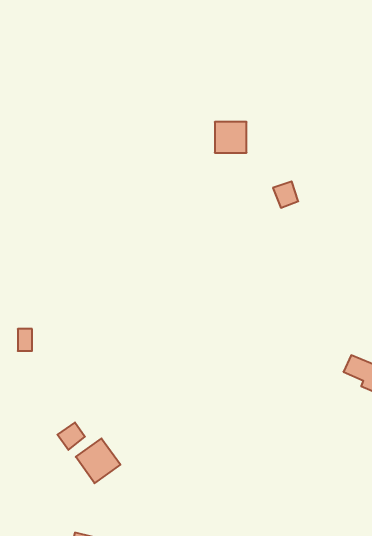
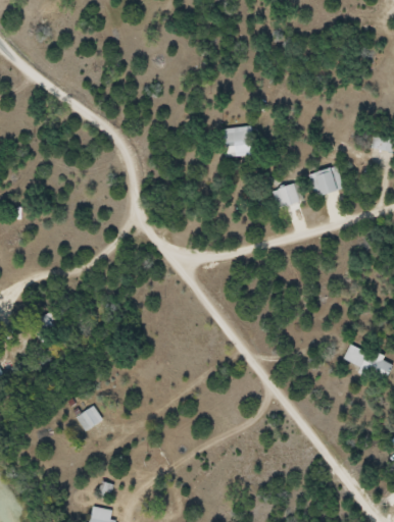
building: none -> [307,166,344,198]
building: [76,438,120,483] -> none

